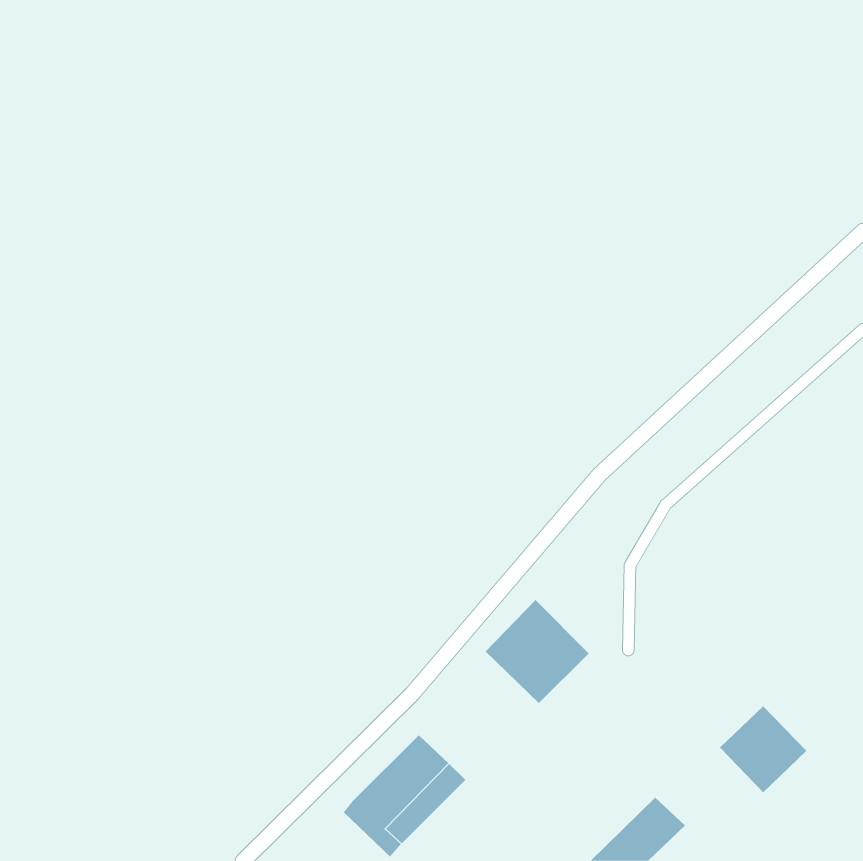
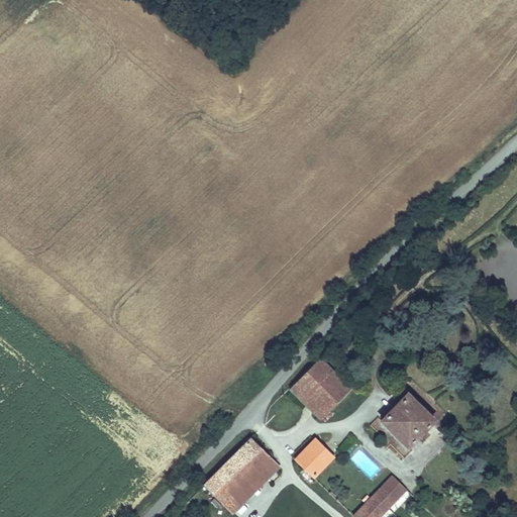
building: [719,705,807,793] -> [380,395,432,447]
building: none -> [294,438,332,477]

